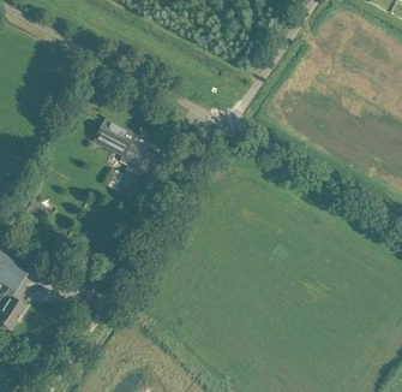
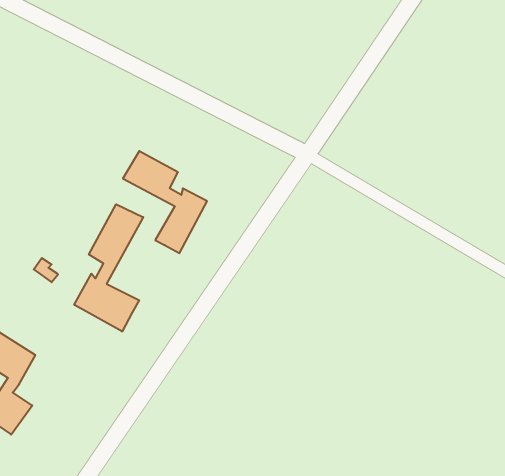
building: none -> [74,204,143,332]

